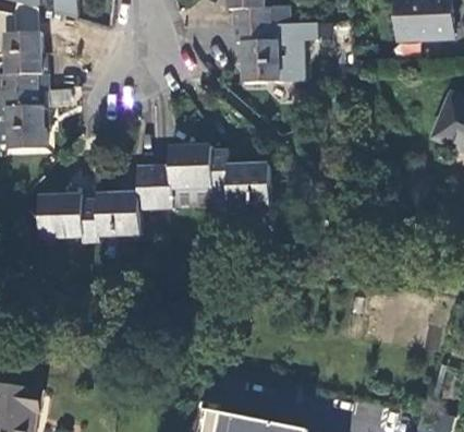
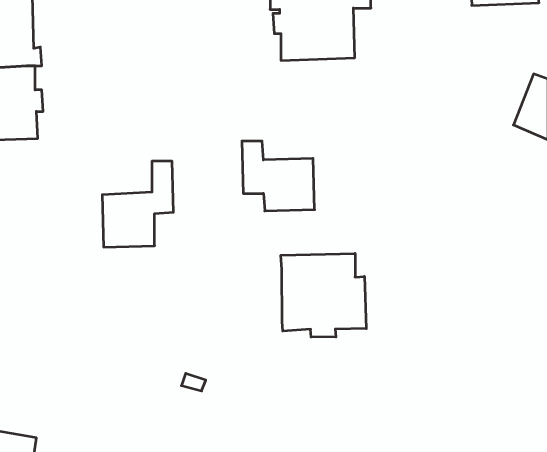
building: [154,144,212,206] -> none
building: [39,192,98,241] -> none
building: none -> [281,253,366,337]

